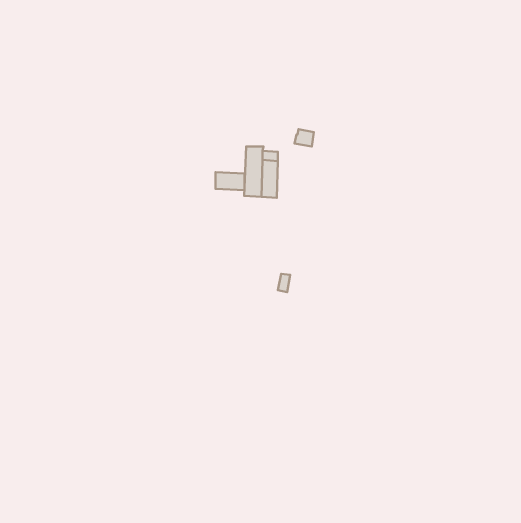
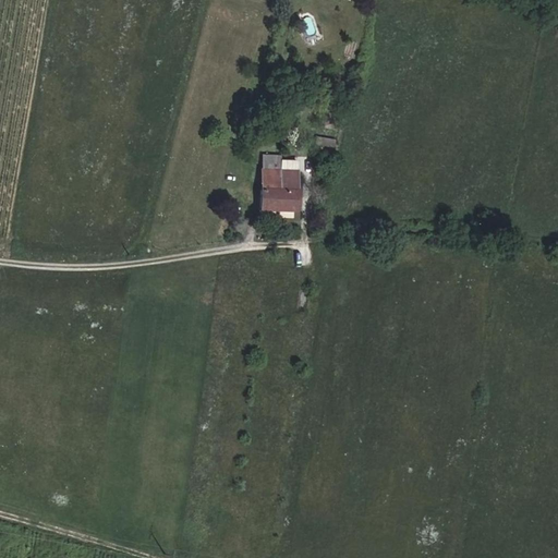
building: [215,172,245,190] -> none

